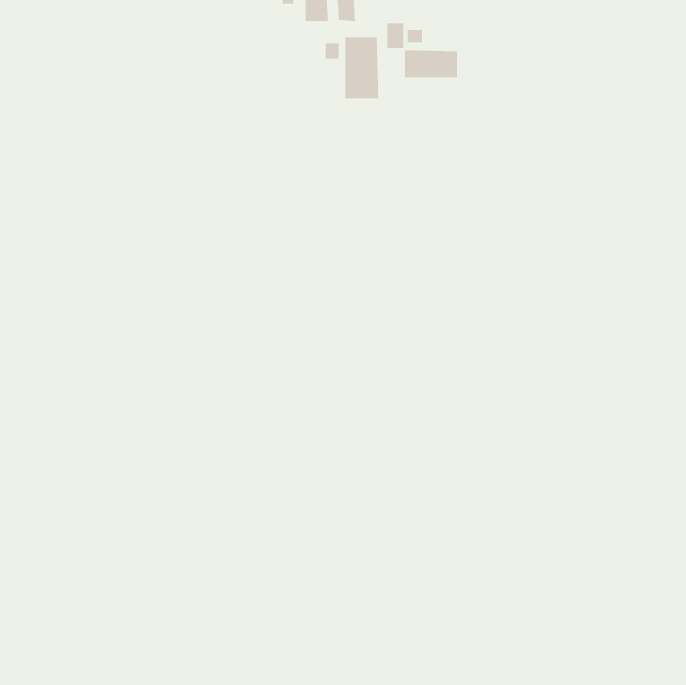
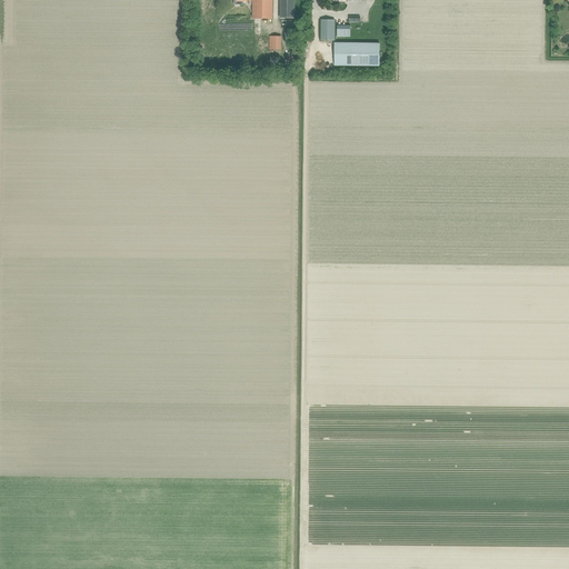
building: [345,37,379,99] -> none

